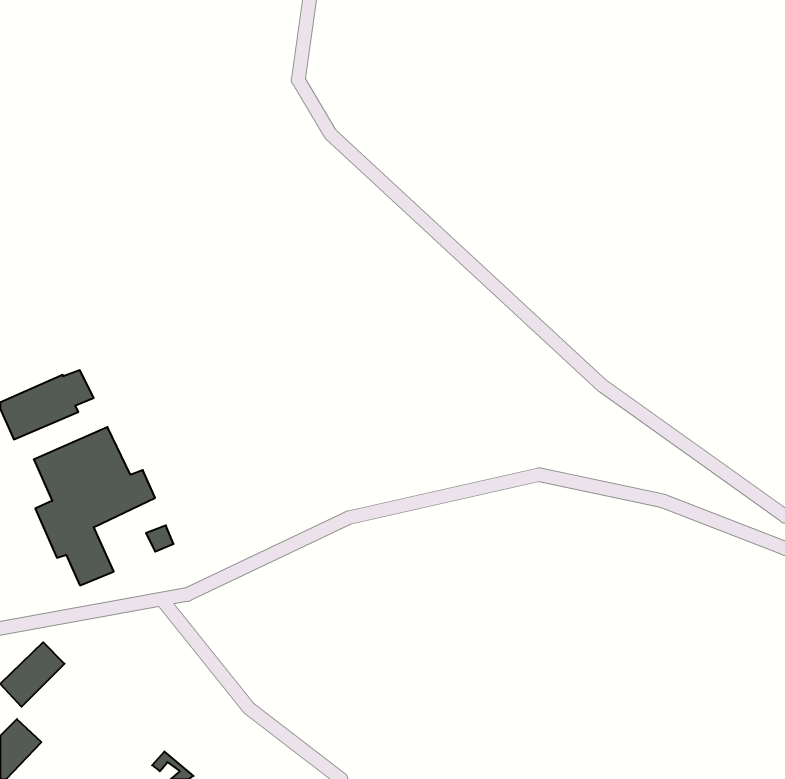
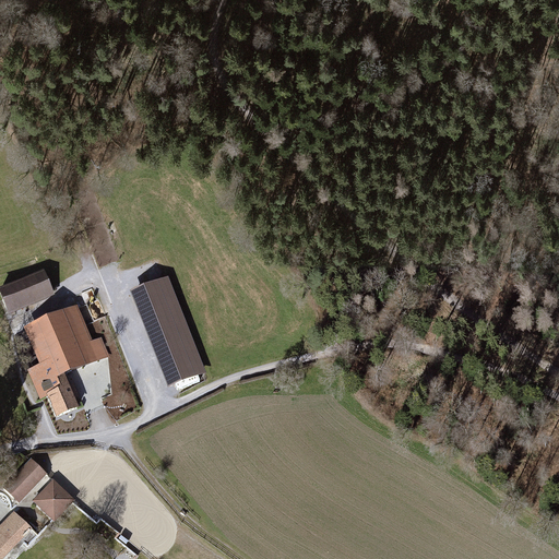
building: none -> [130,274,206,386]
building: none -> [33,479,73,520]

